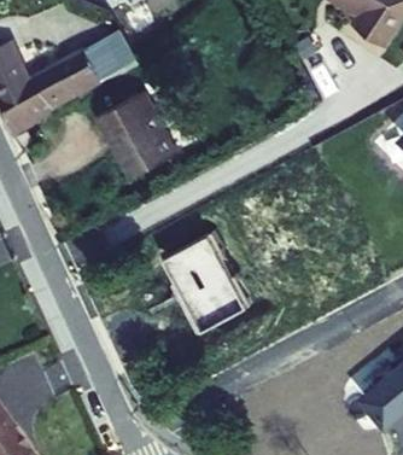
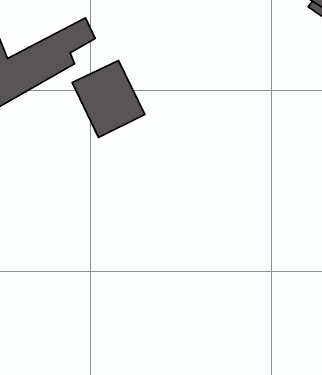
building: [170,234,253,328] -> none

